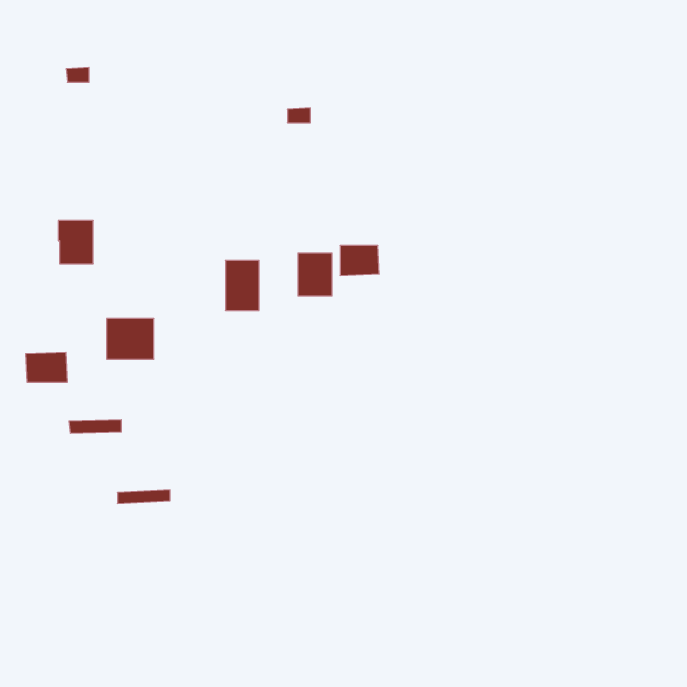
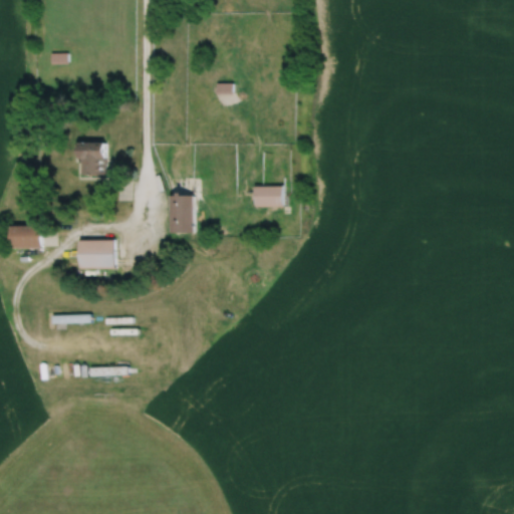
building: [58,221,93,264] -> [78,143,104,175]
building: [298,253,332,296] -> none
building: [26,352,67,382] -> [10,226,41,248]

